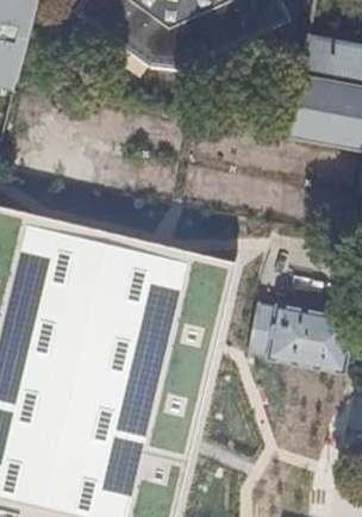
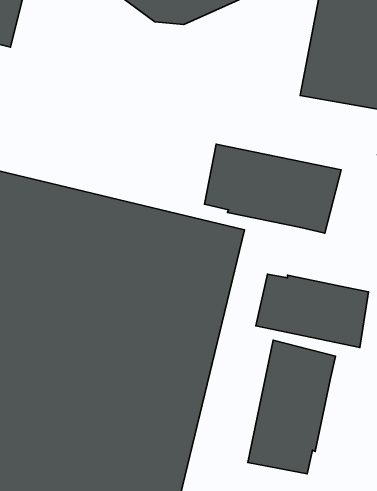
building: none -> [204,144,341,233]
building: none -> [248,340,335,474]

